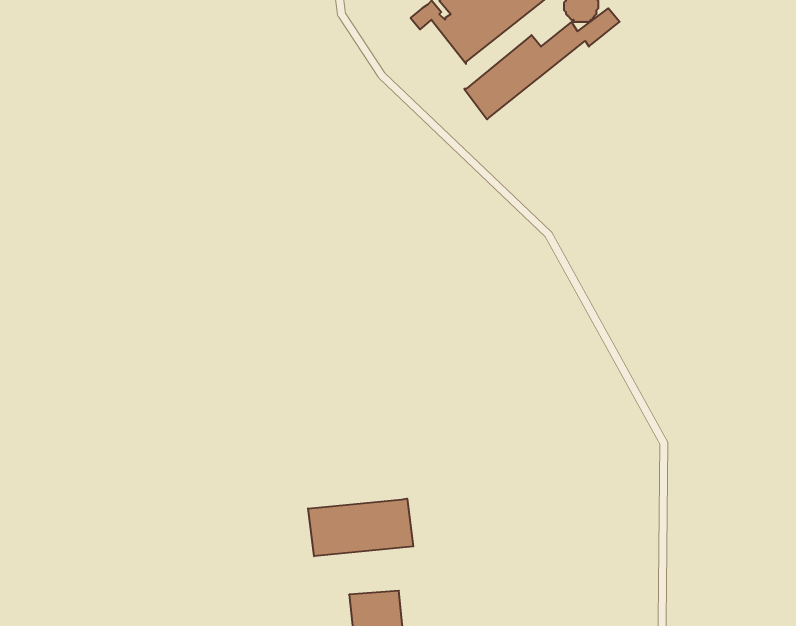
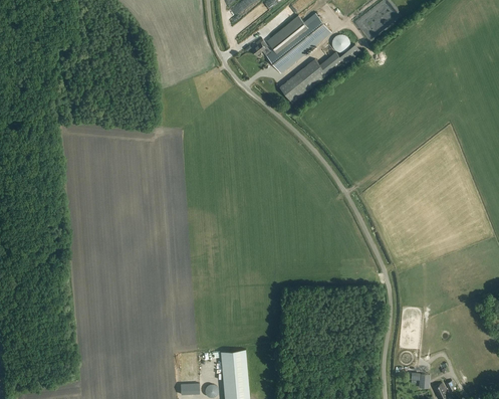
building: [308,499,413,556] -> none

